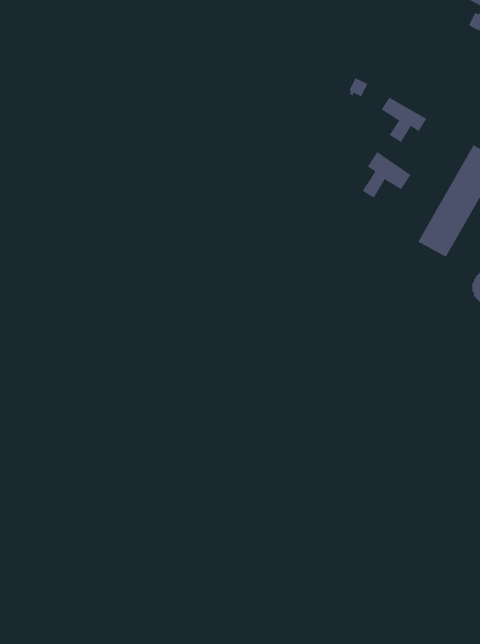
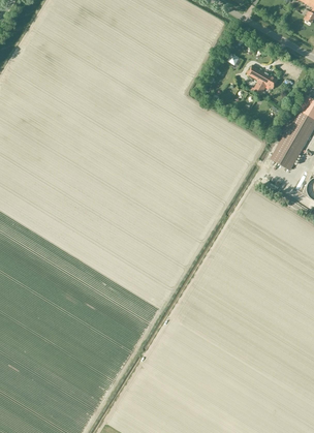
building: [362,151,411,199] -> none

